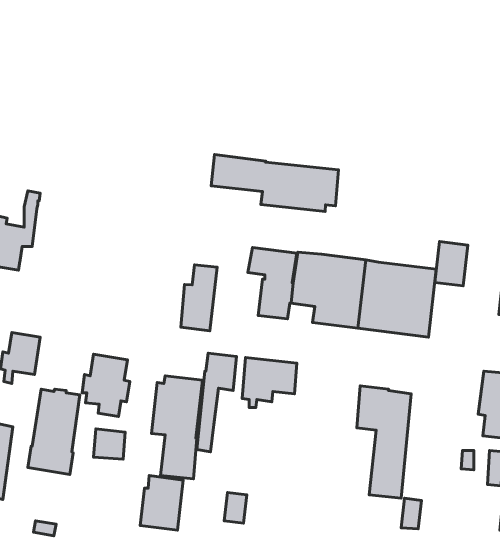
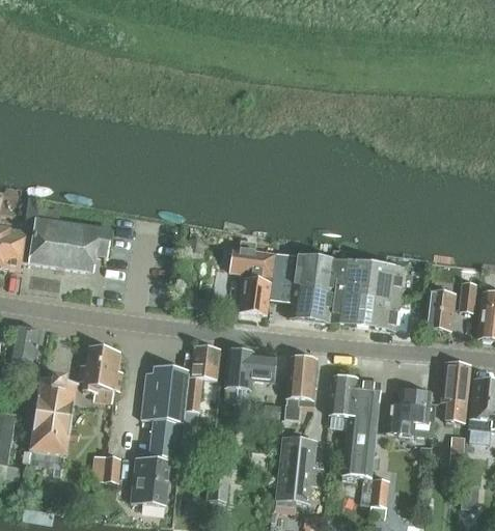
building: [211,154,339,212] -> none
building: none -> [22,205,111,272]
building: [435,242,468,286] -> [425,289,456,330]
building: [181,265,217,331] -> none
building: none -> [284,356,317,419]
building: none -> [386,389,436,435]
building: [94,429,125,459] -> [91,454,120,482]
building: none -> [275,436,321,502]

